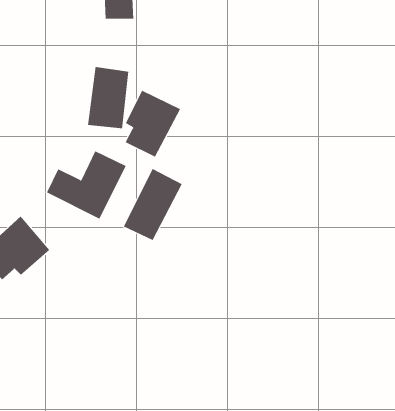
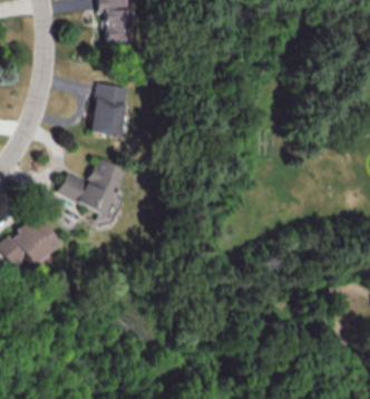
building: [125,90,181,158] -> none
building: [123,168,182,241] -> none

